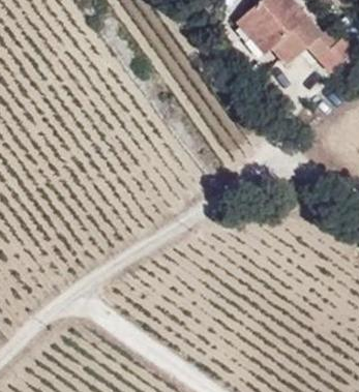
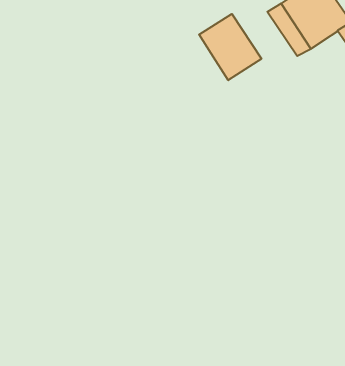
building: none -> [199,14,261,80]

